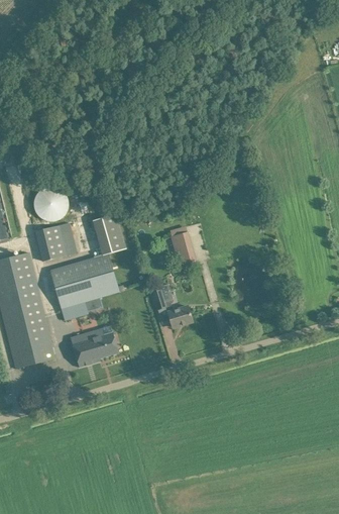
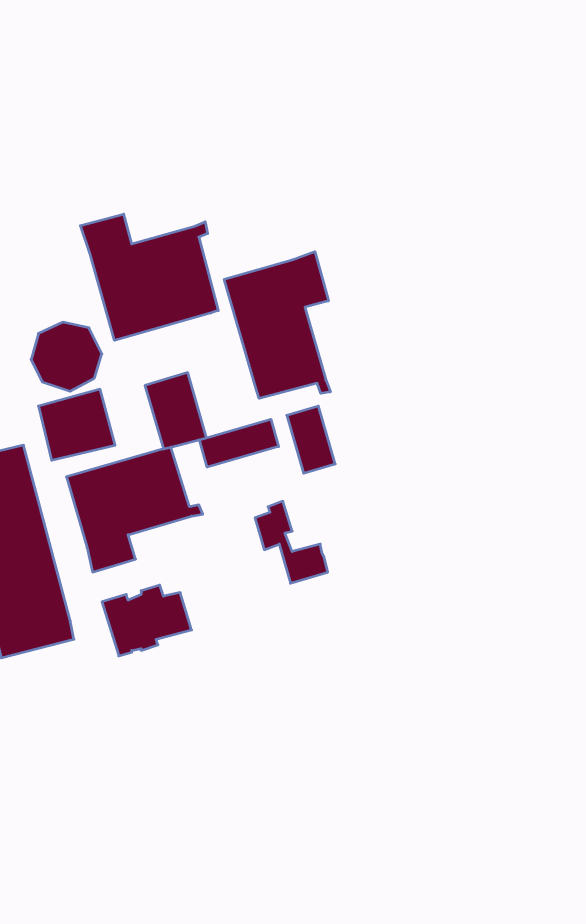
building: none -> [80,214,218,340]
building: none -> [224,252,330,398]
building: none -> [200,419,279,467]

